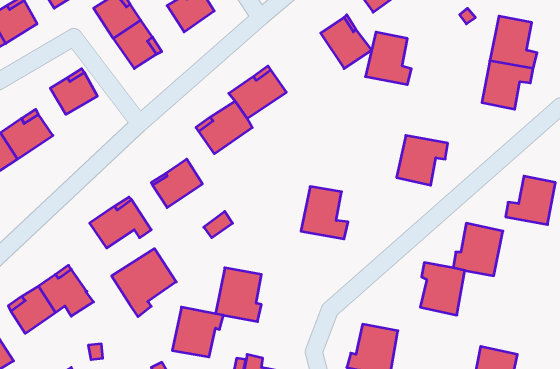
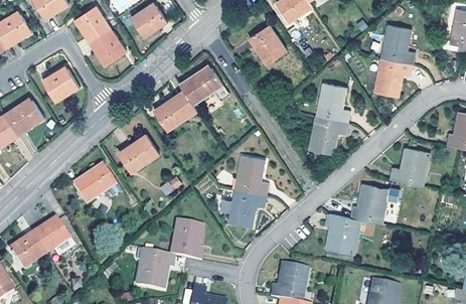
building: [365,32,411,85] -> [314,83,349,123]
building: none -> [219,190,267,227]
building: [112,249,176,317] -> none

